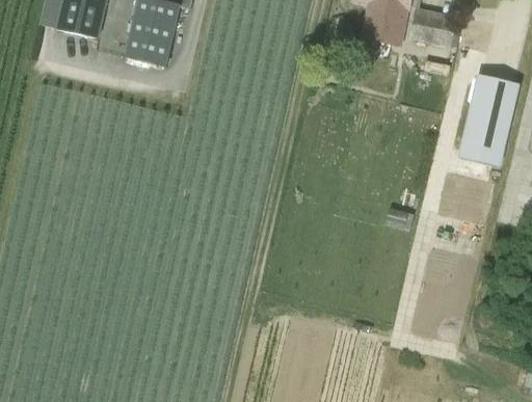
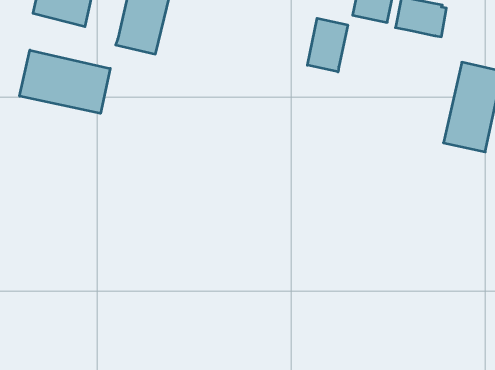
building: none -> [307,18,348,72]
building: none -> [20,50,110,113]

